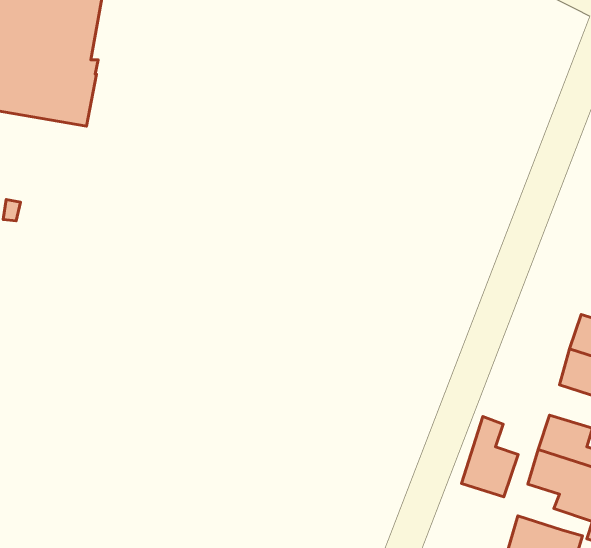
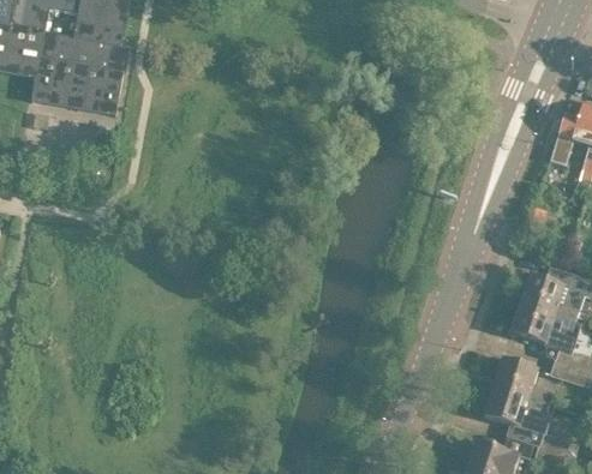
building: [461,417,518,497] -> none

